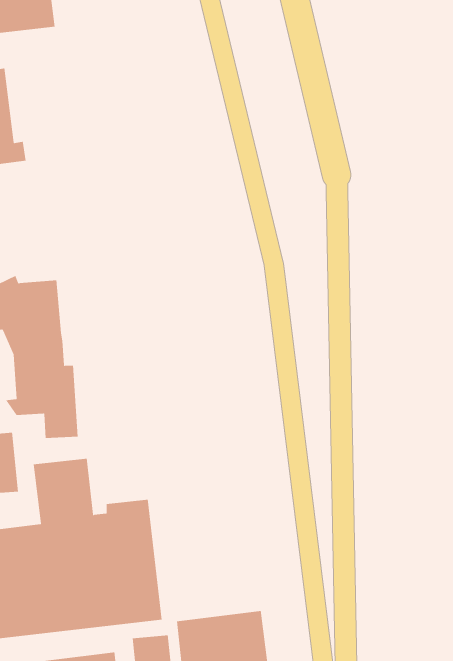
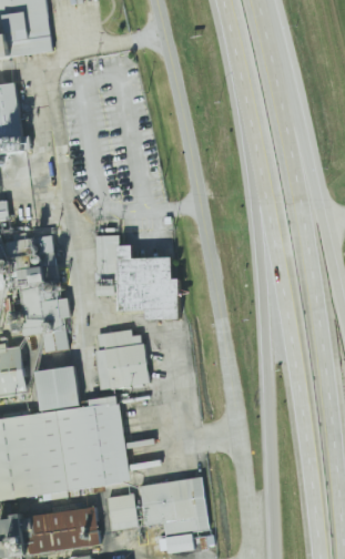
building: none -> [94,235,179,319]
building: none -> [93,329,148,389]

